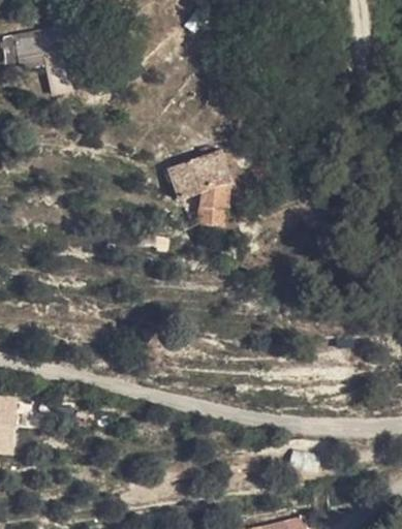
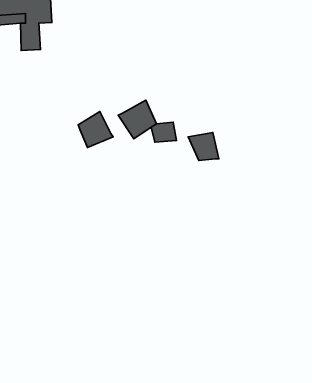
building: [191,155,227,188] -> [188,133,219,161]
building: none -> [78,111,113,148]

